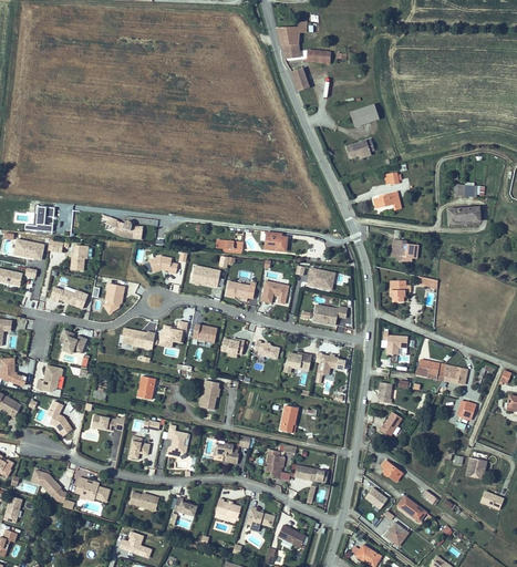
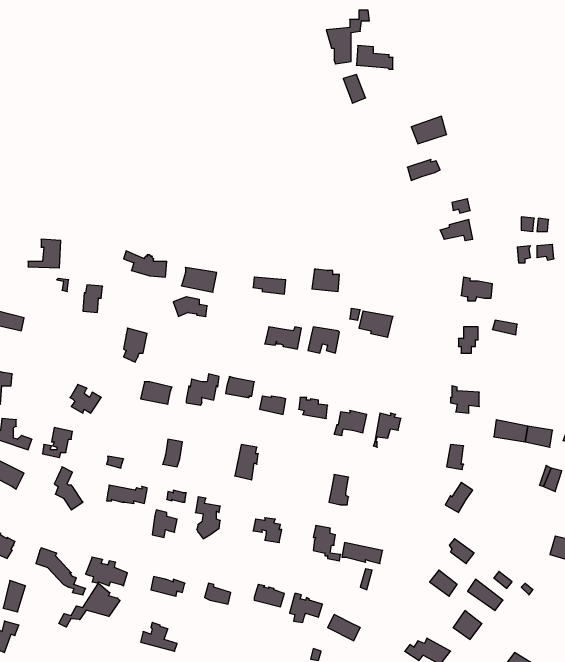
building: [11,238,43,260] -> none
building: [190,266,220,287] -> [181,267,217,292]
building: [49,288,87,309] -> none
building: [313,305,348,326] -> none
building: none -> [59,583,120,627]

